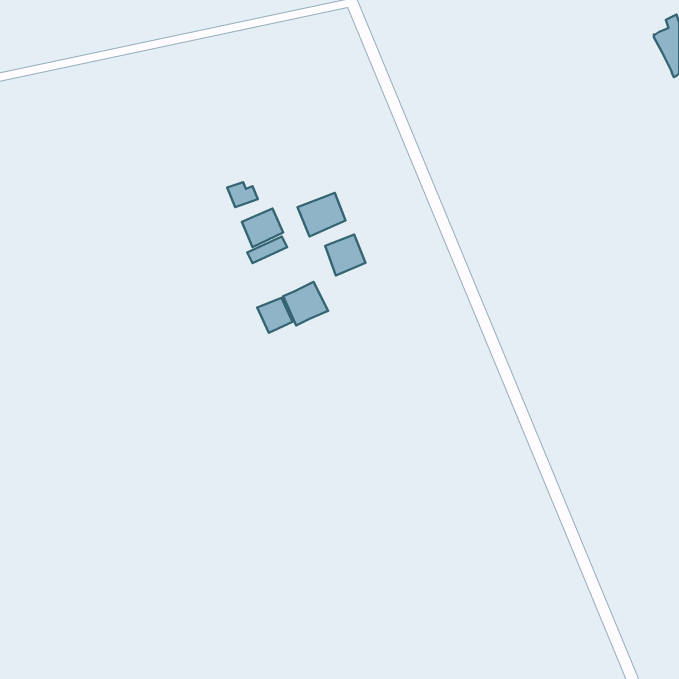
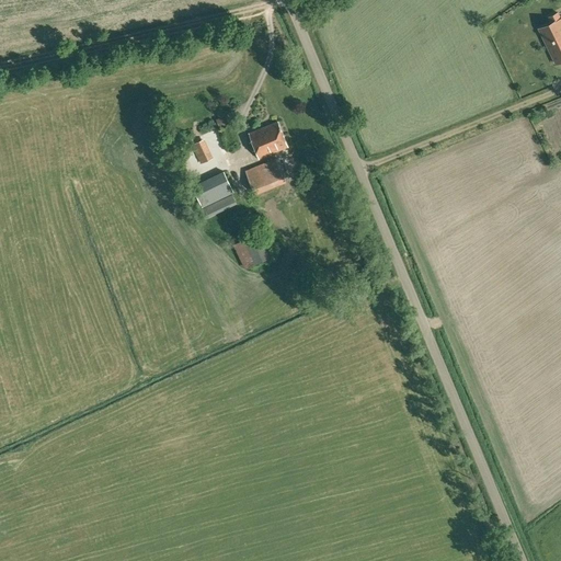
building: none -> [249,122,288,158]
building: [325,234,366,275] -> none
building: [257,298,293,333] -> none

